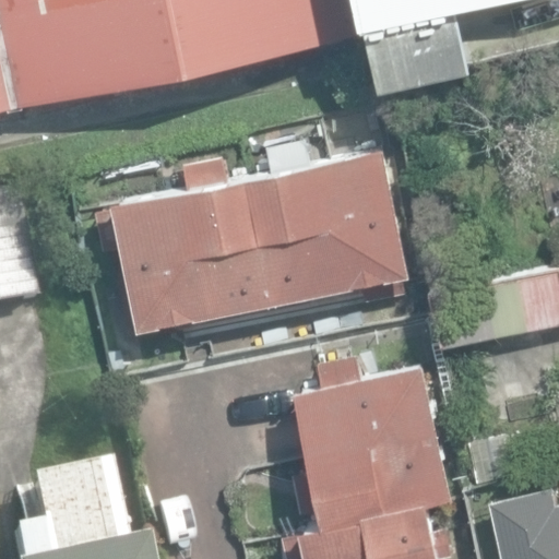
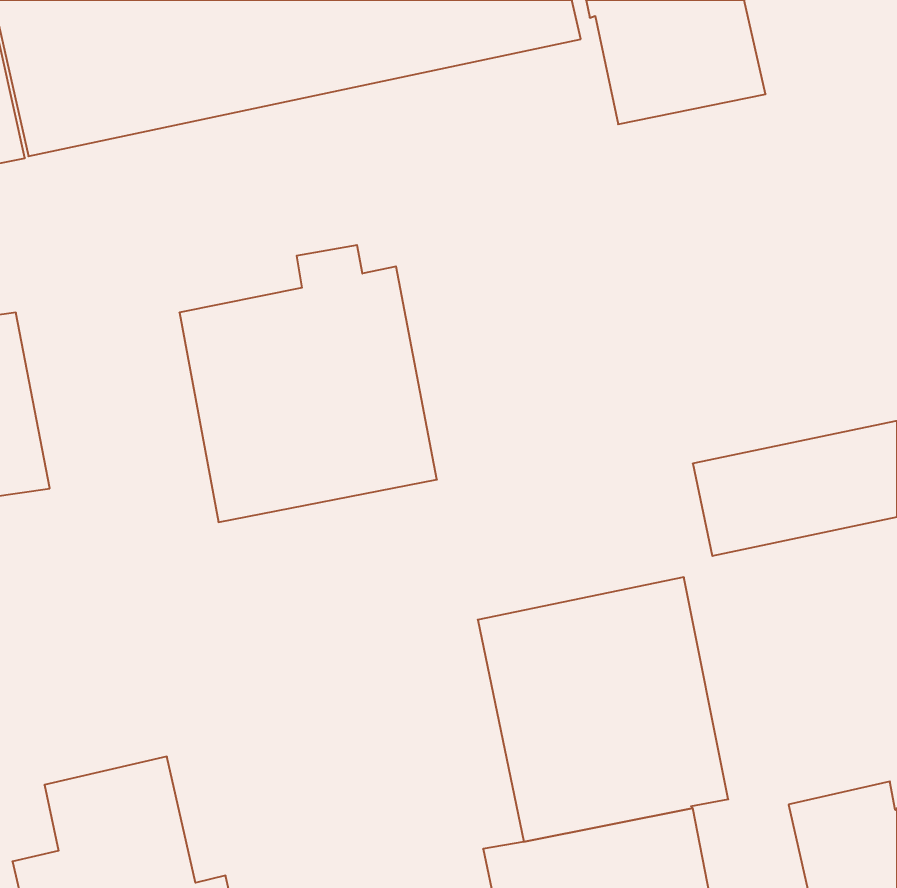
building: [243,145,405,308] -> none

